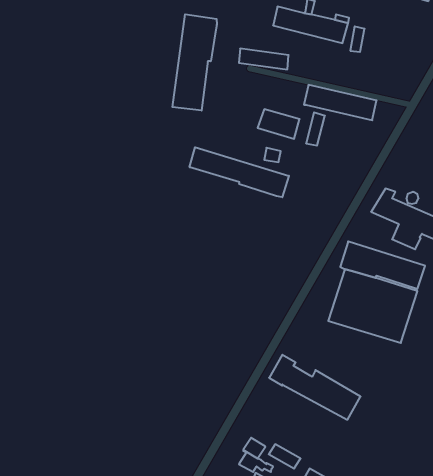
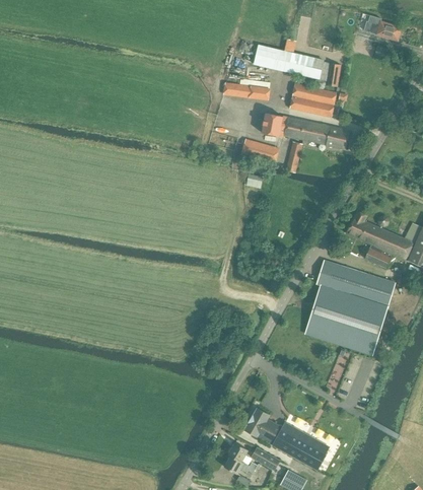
building: [172,14,217,111] -> none
building: none -> [290,83,336,117]
building: none -> [261,113,287,137]
building: [190,147,289,197] -> none
building: [269,355,361,420] -> [244,408,329,468]

